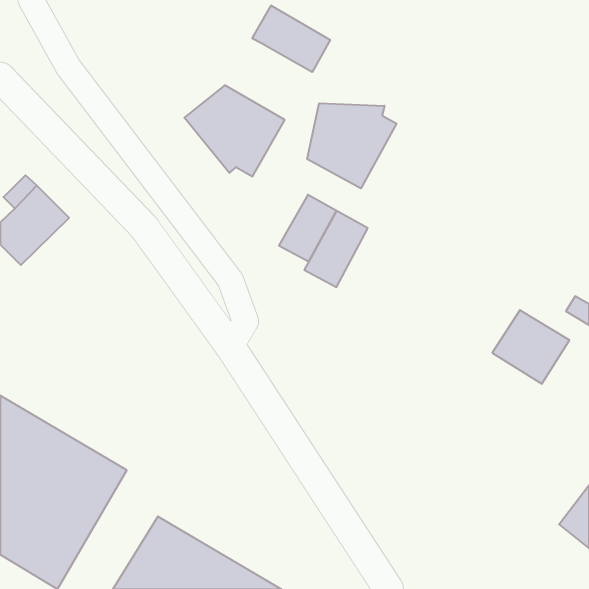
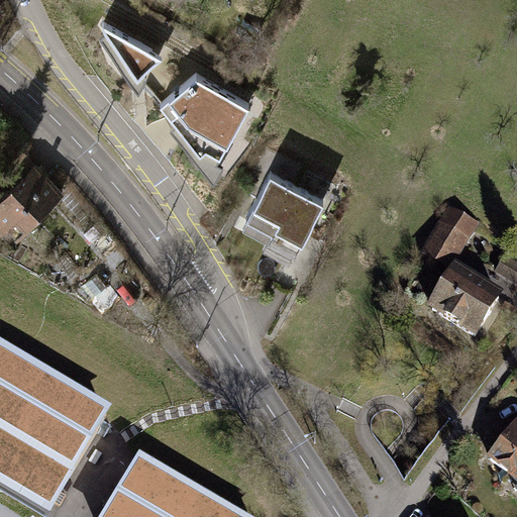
building: [252,5,330,72] -> none
building: none -> [103,22,161,76]
building: [307,103,396,188] -> none
building: none -> [426,209,475,269]

